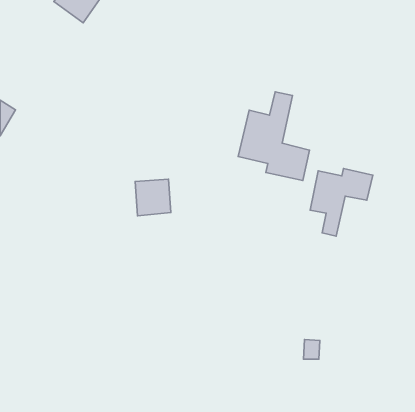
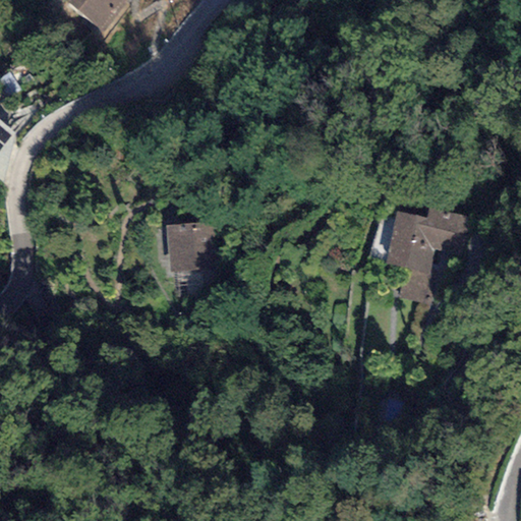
building: [238,92,309,181] -> none

